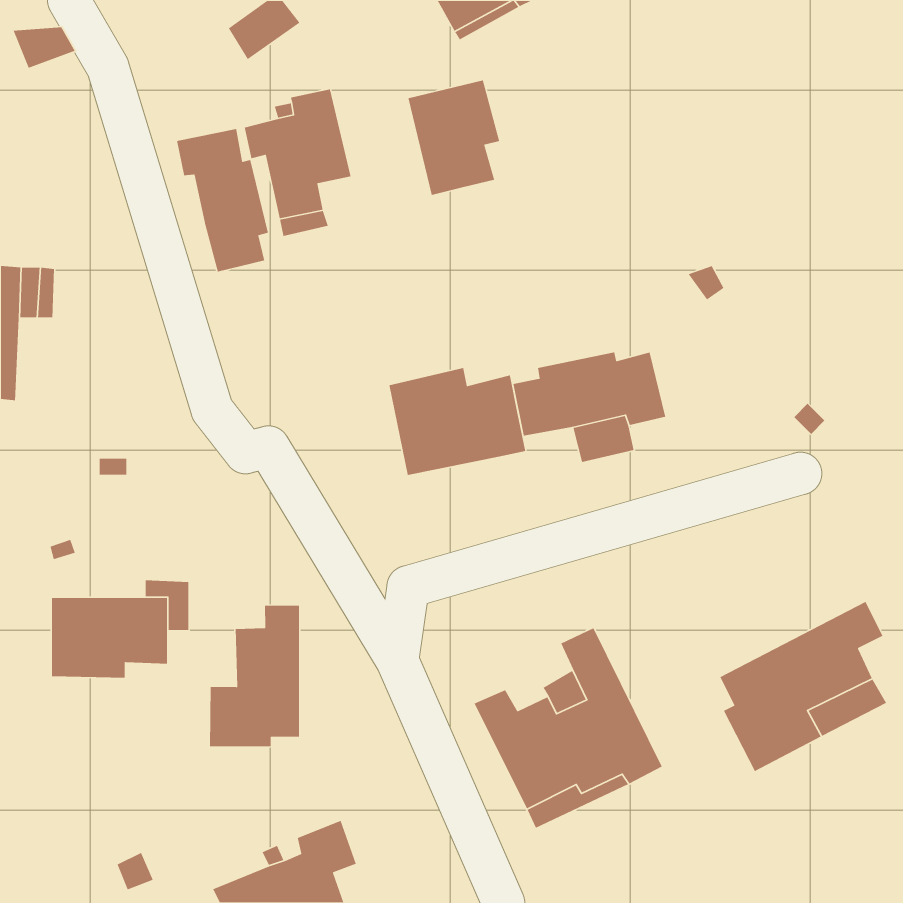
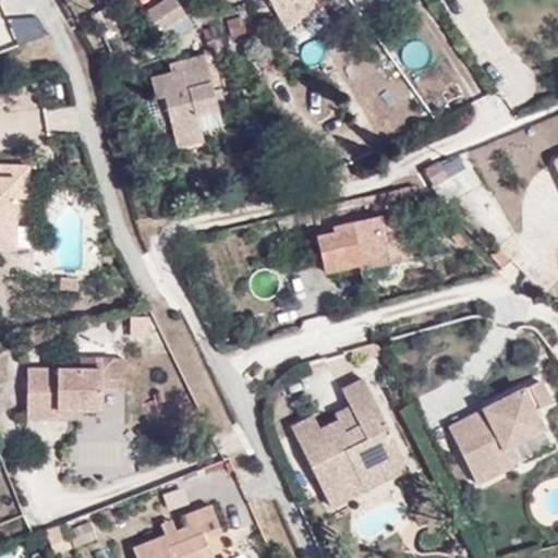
building: [408,79,500,196] -> none
building: [176,128,269,273] -> none
building: [388,367,526,476] -> none
building: [209,605,300,747] -> none

